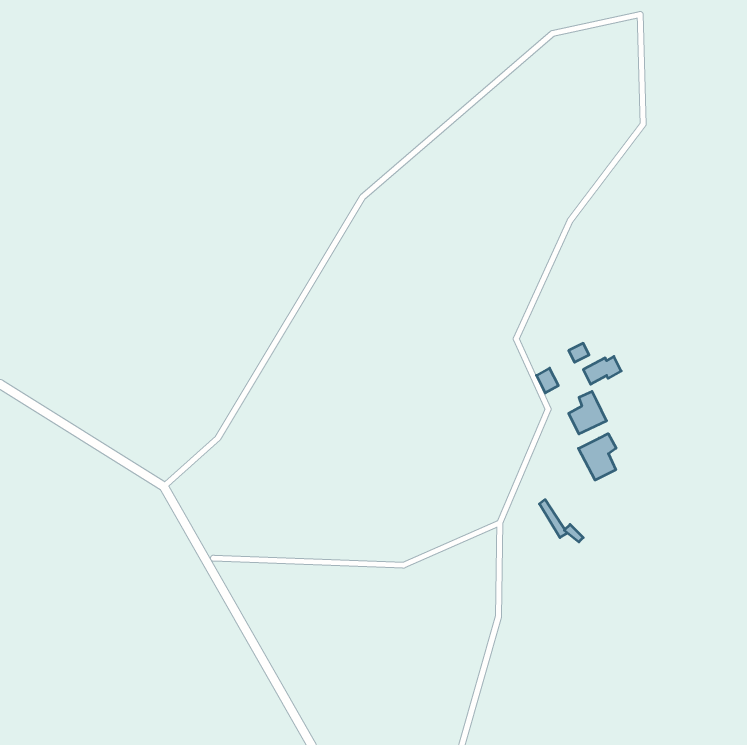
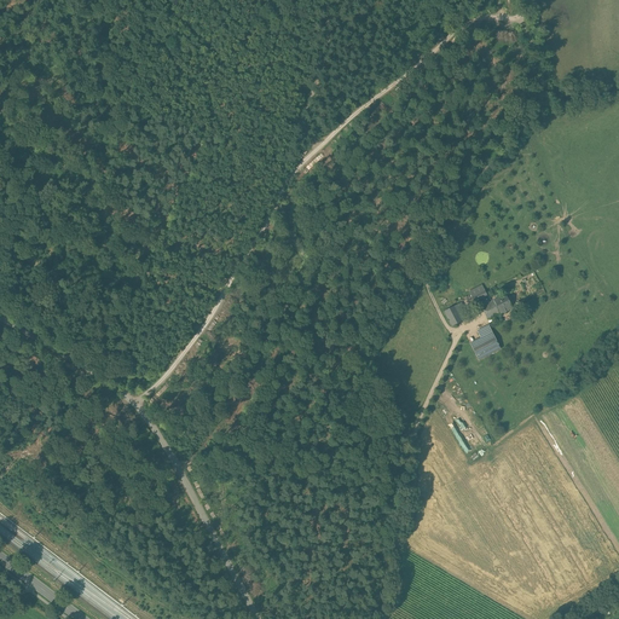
building: [578,434,616,480] -> none

